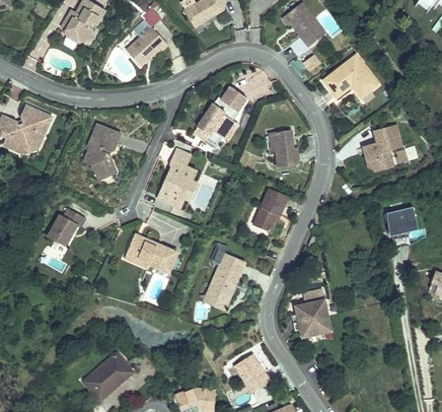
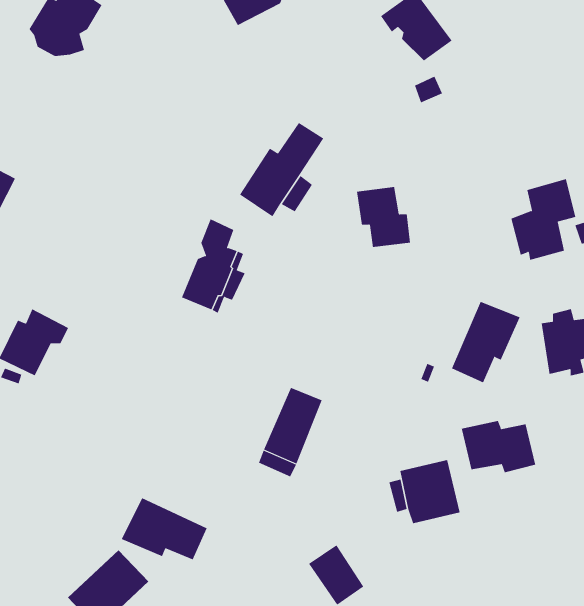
building: [126,25,169,66] -> none
building: [323,55,380,101] -> none
building: [76,122,118,180] -> none
building: [245,183,289,234] -> [451,301,520,383]
building: [124,231,178,271] -> [121,498,208,560]
building: none -> [461,420,536,473]

